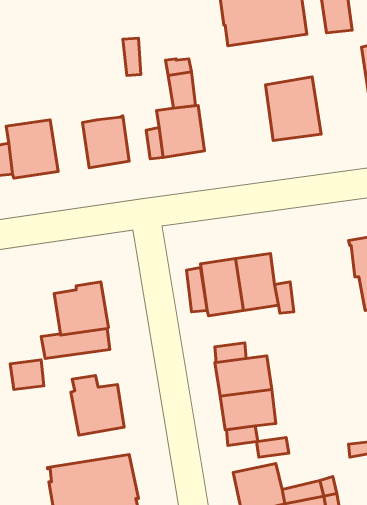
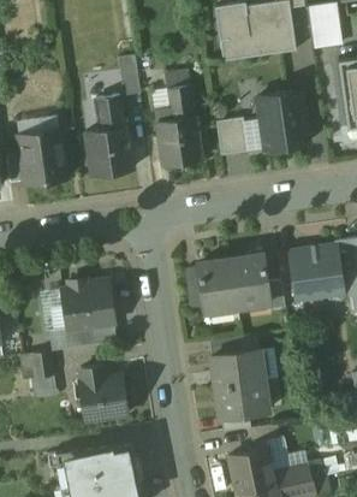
building: none -> [88,89,123,130]
building: none -> [215,118,246,156]
building: none -> [287,247,343,298]

